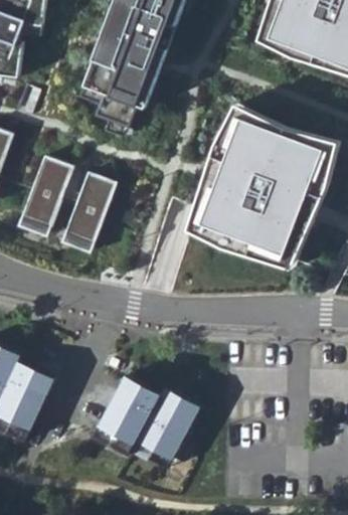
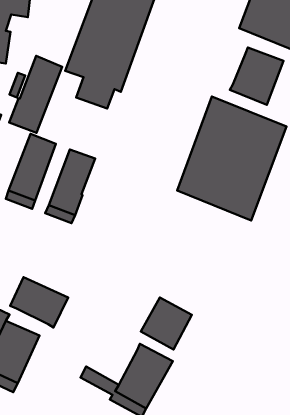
building: none -> [230,47,283,105]
building: none -> [9,56,62,133]
building: none -> [10,277,68,327]
building: [105,375,161,433] -> [141,298,192,350]

